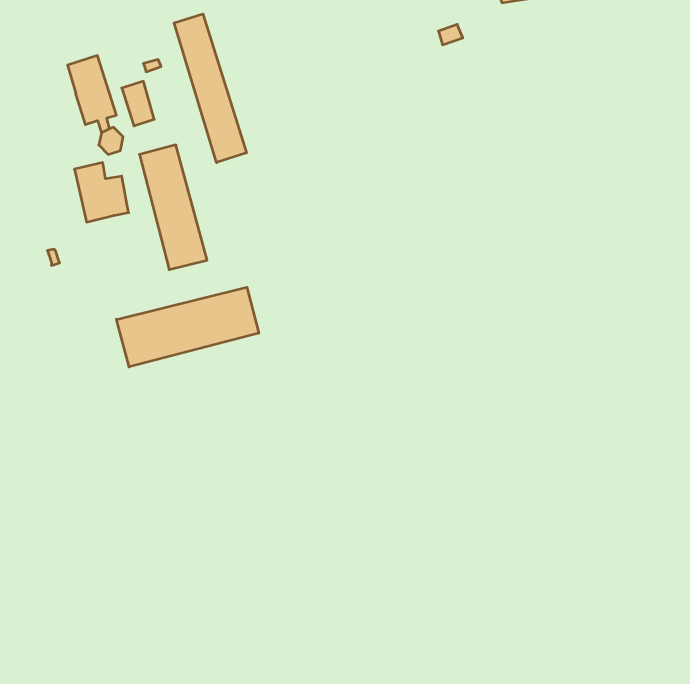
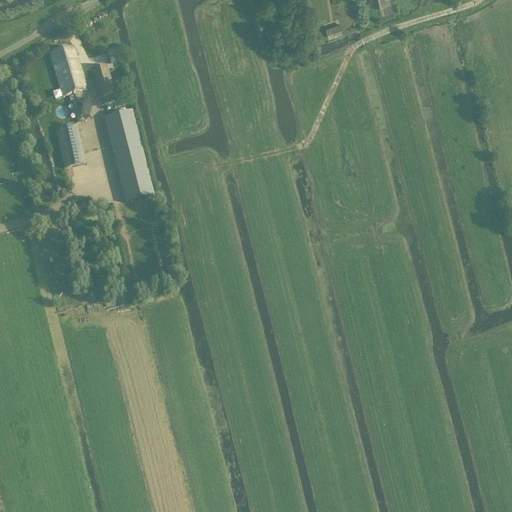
building: [174,14,246,163] -> none
building: [116,287,259,367] -> none

